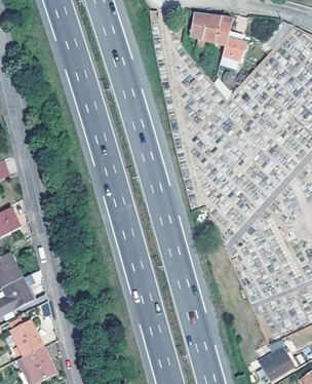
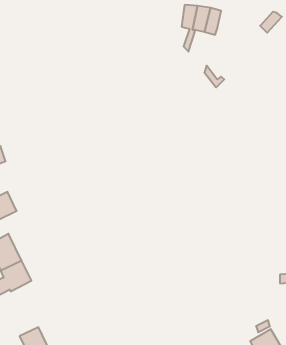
building: [220,38,244,67] -> none
building: [10,320,42,355] -> none

